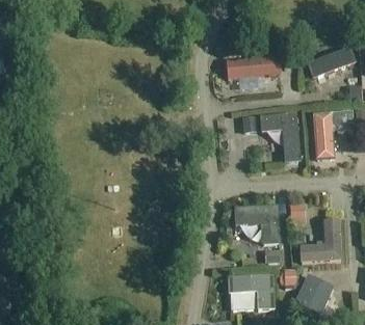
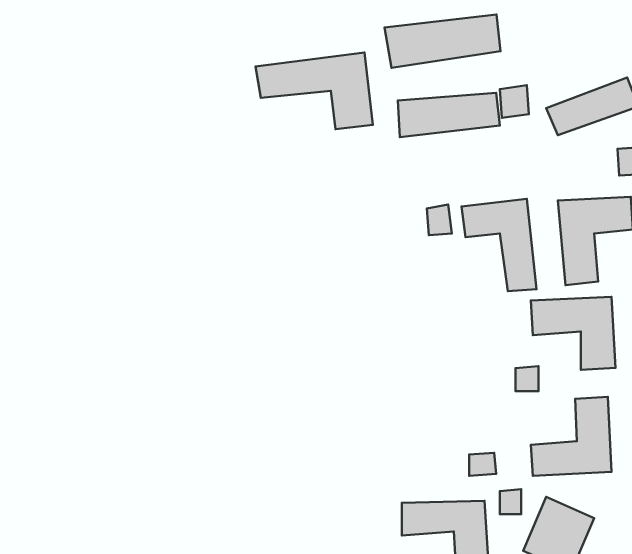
building: none -> [384,14,501,68]
building: none -> [255,53,373,129]
building: [235,205,281,244] -> [531,297,615,370]

